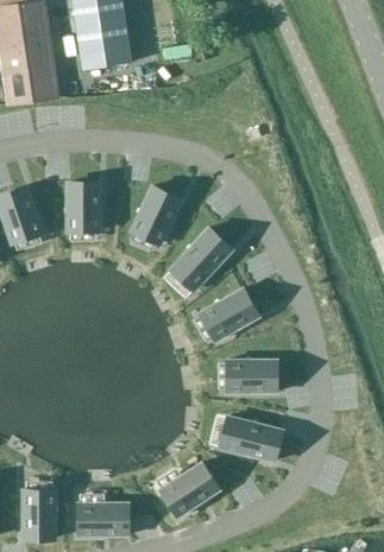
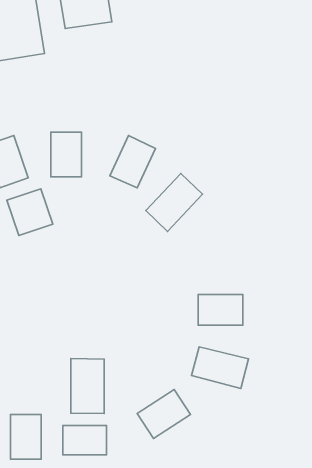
building: none -> [7,189,53,235]
building: [200,288,258,341] -> none
building: none -> [71,359,104,414]

